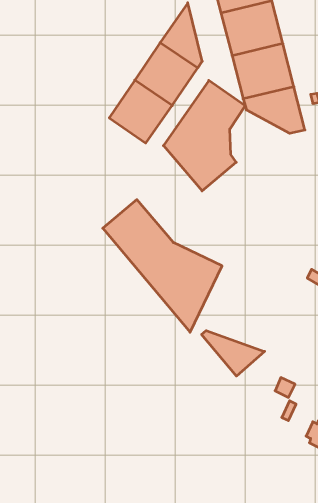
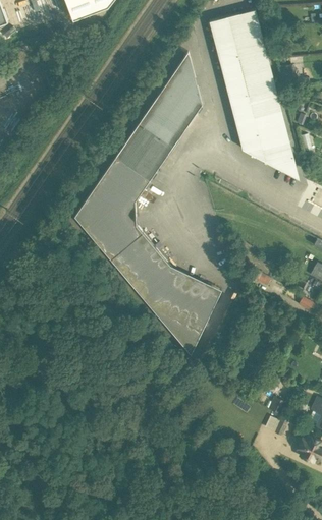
building: [163,80,245,191] -> [74,156,150,257]
building: [202,331,265,376] -> none

